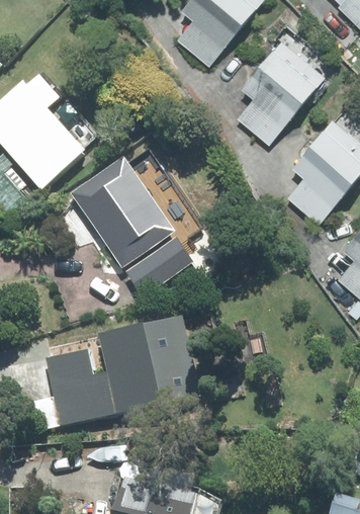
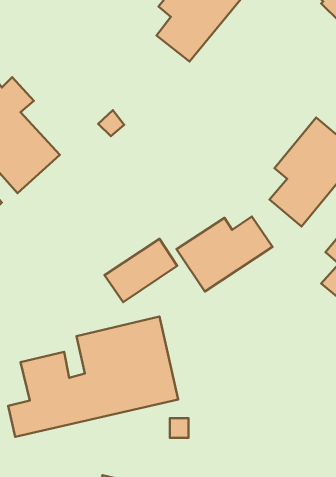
building: [238,26,335,144] -> none
building: [72,163,174,270] -> none
building: none -> [176,216,272,292]

